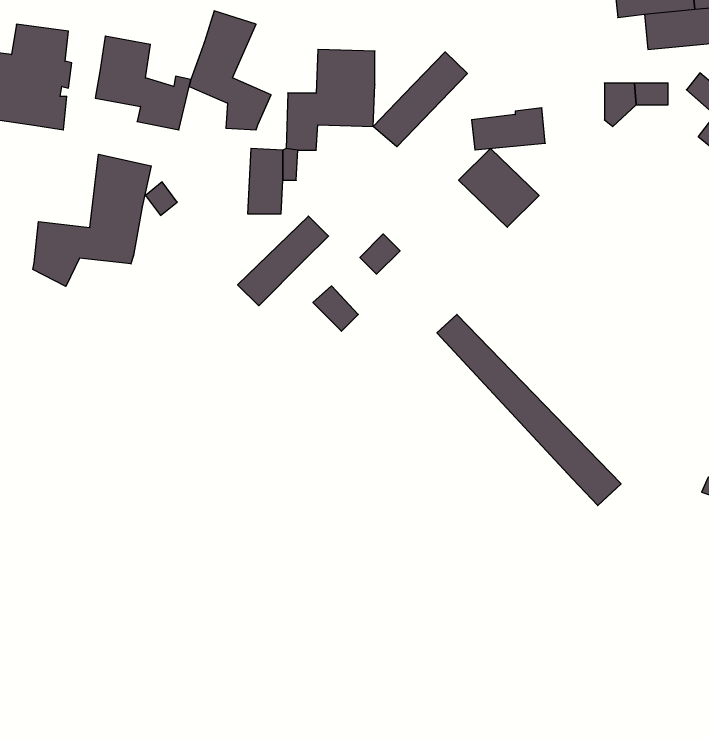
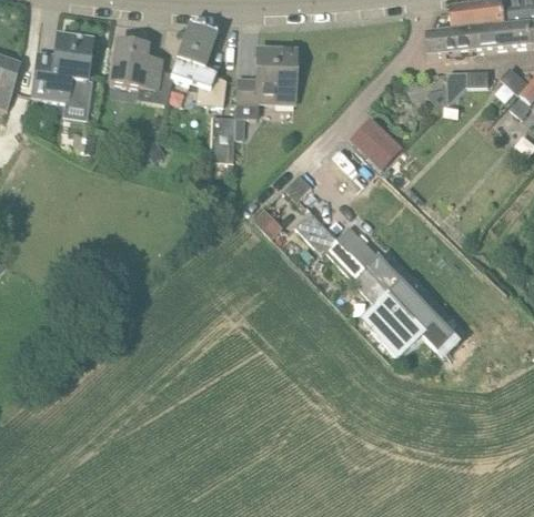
building: [373,52,467,147] -> none
building: [472,108,545,150] -> [427,26,476,53]
building: [33,154,151,286] -> none
building: [238,216,329,306] -> none
building: none -> [296,209,426,357]

